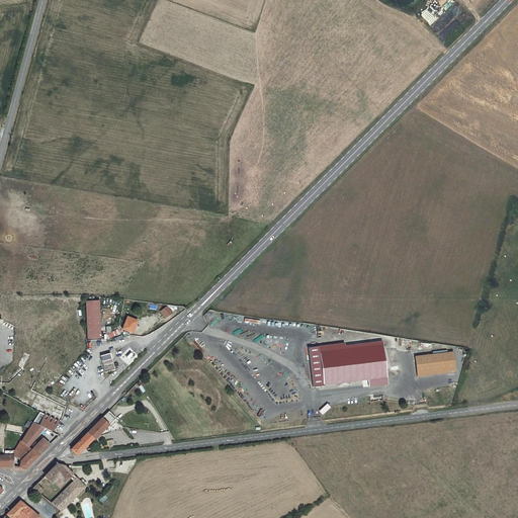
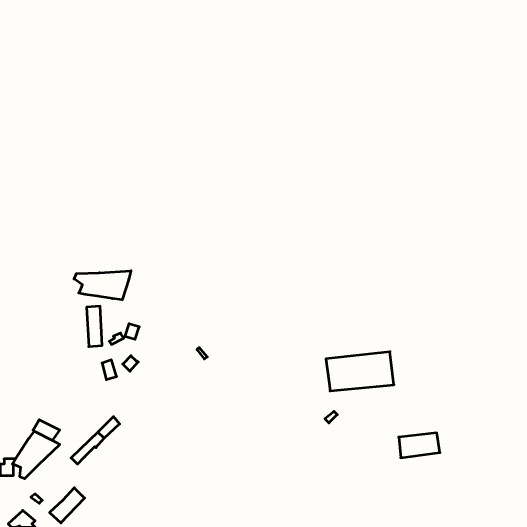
building: none -> [74,271,131,300]
building: [415,352,455,376] -> [399,433,440,458]
building: [41,464,71,488] -> none

